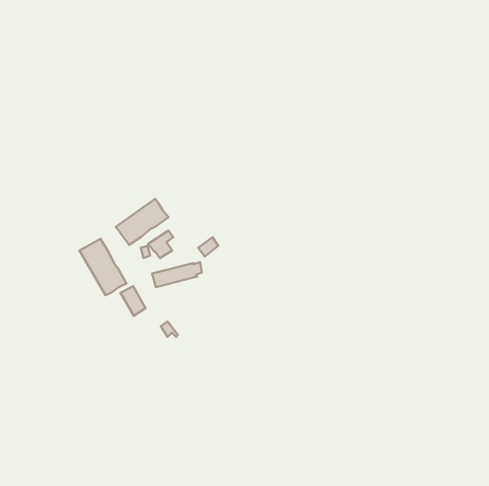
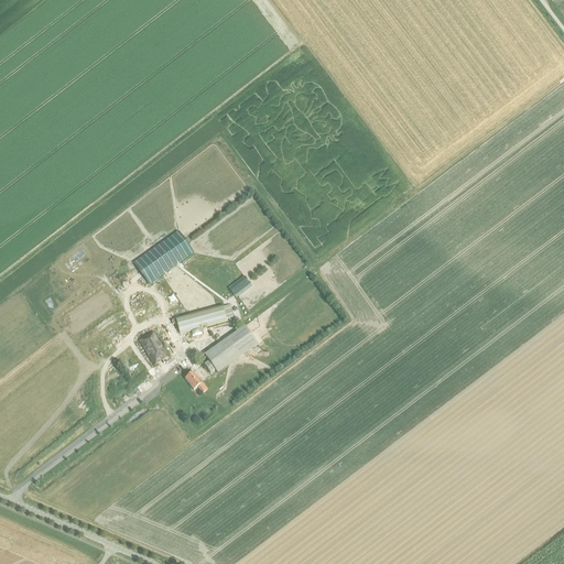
building: [79,239,127,295] -> none
building: none -> [204,324,258,370]

